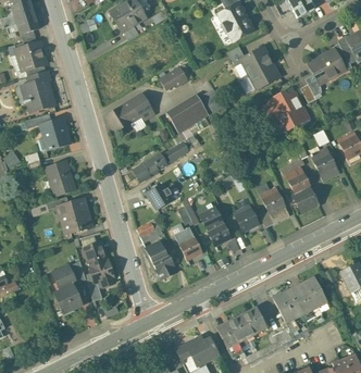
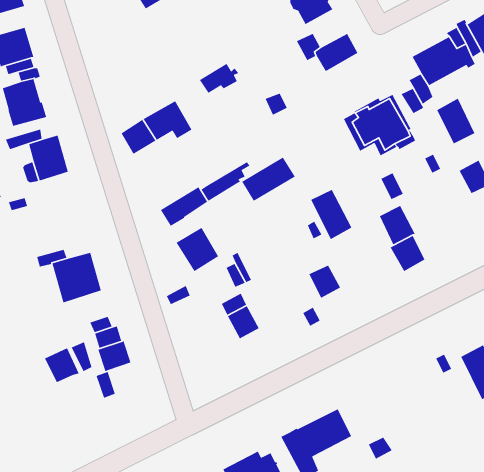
building: [240,60,279,89] -> none
building: [167,95,206,126] -> [241,157,296,202]
building: [312,147,339,179] -> [436,97,475,144]
building: [46,160,75,196] -> none
building: [261,187,290,223] -> [310,189,352,240]
building: [201,210,231,246] -> none
building: [149,244,177,278] -> none
building: [273,276,326,322] -> none
building: [54,284,82,313] -> none

